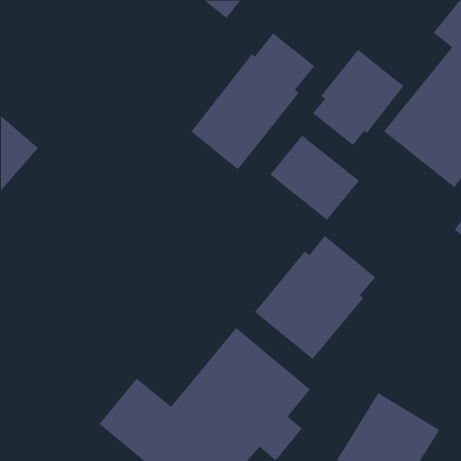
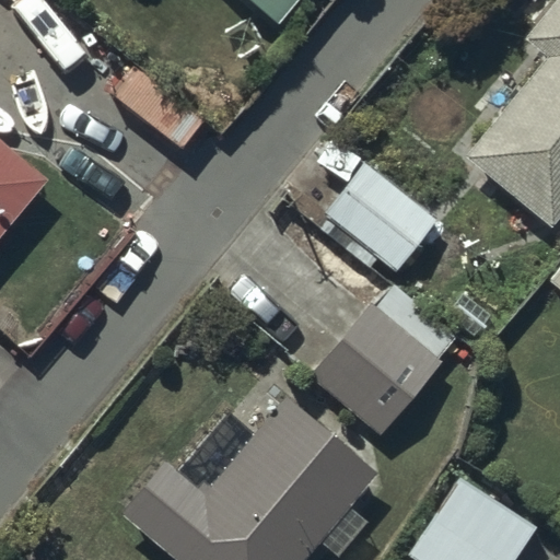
building: [190,32,315,170] -> none
building: [312,49,404,146] -> none

